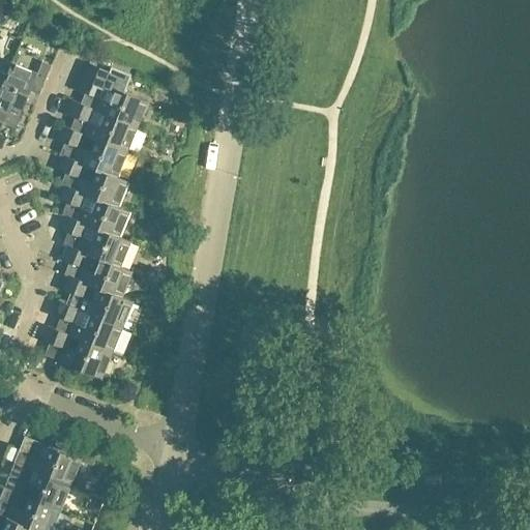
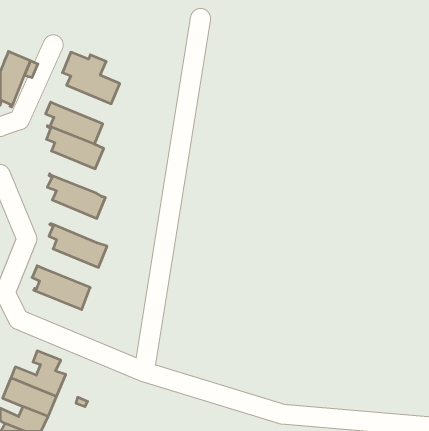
building: [68,100,139,152] -> none
building: [60,183,130,237] -> none
building: [61,244,131,298] -> none
building: [52,301,123,353] -> none

